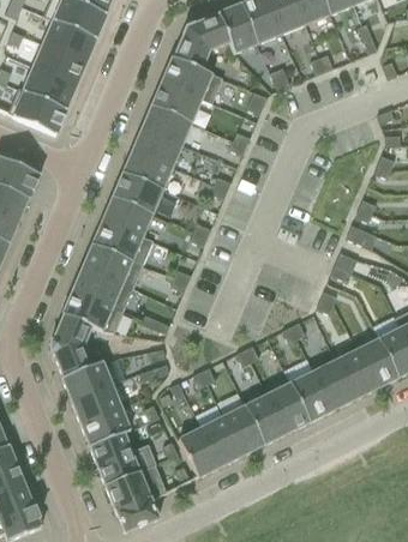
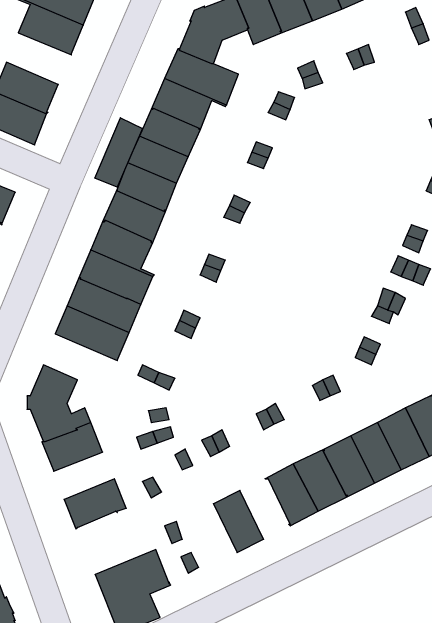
building: [34,43,86,85] -> none
building: none -> [95,118,142,187]
building: [62,288,124,332] -> none
building: [72,384,121,422] -> none
building: [223,405,264,454] -> none
building: [179,426,221,476] -> none
building: [90,432,156,483] -> none

